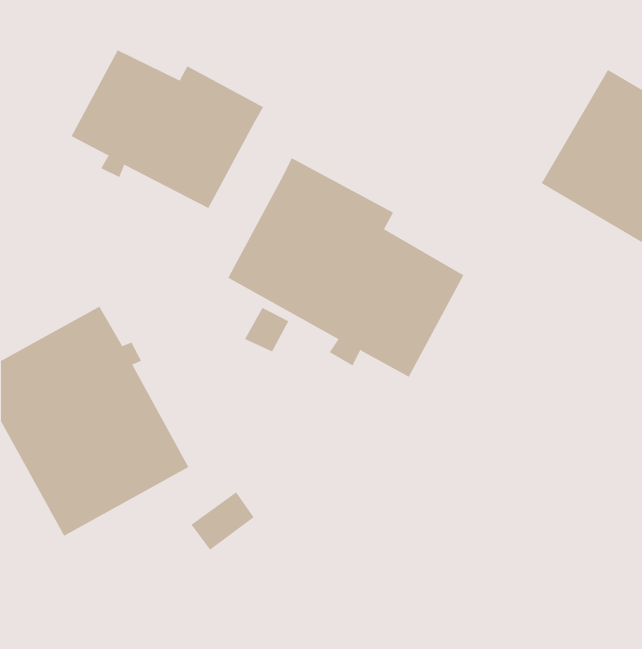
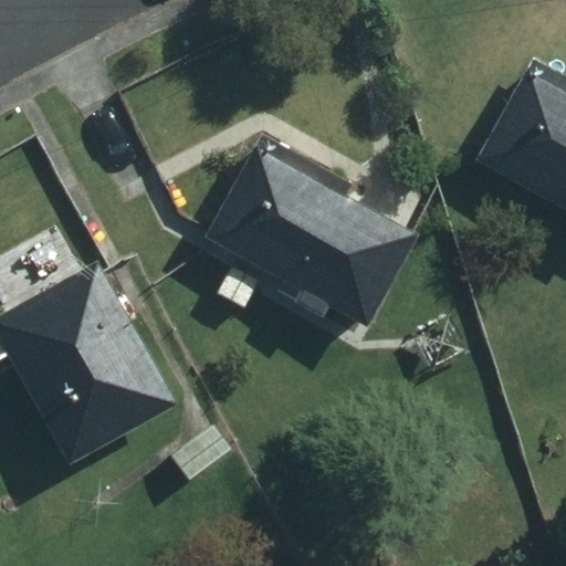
building: [71,49,264,209] -> none

